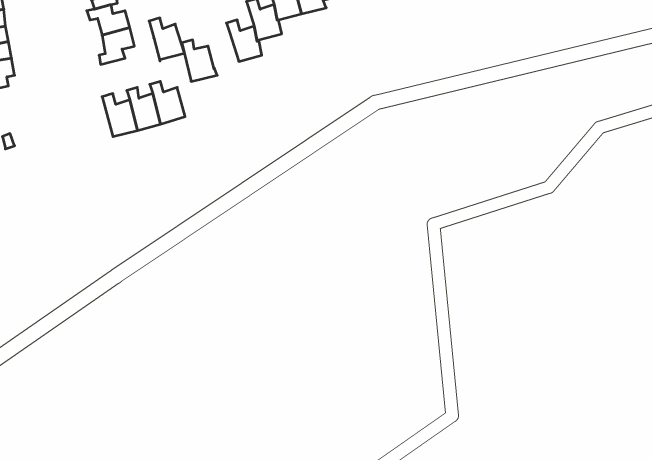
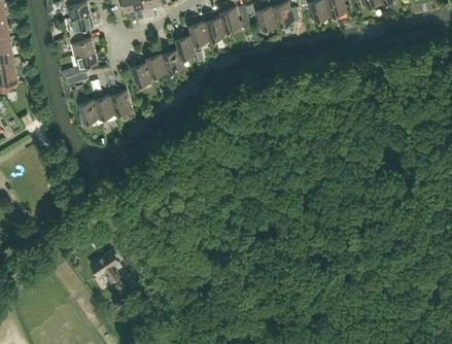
building: [149,18,184,61] -> [144,48,168,77]
building: none -> [90,249,120,281]

